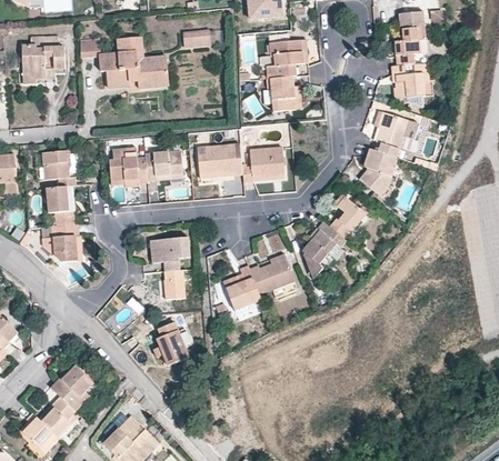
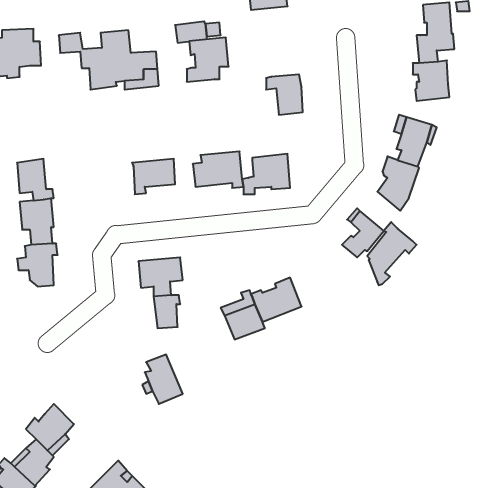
building: [267,39,303,78] -> [187,38,229,82]
building: [109,147,147,182] -> none
building: [302,220,346,275] -> [367,222,417,285]

